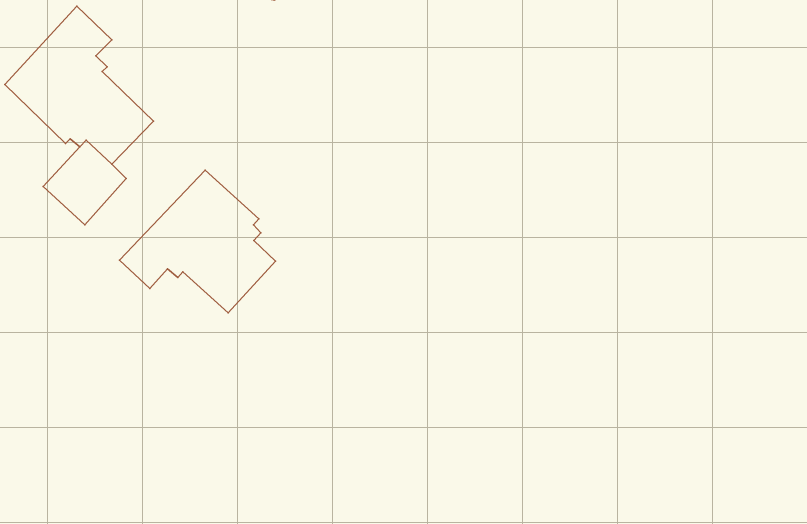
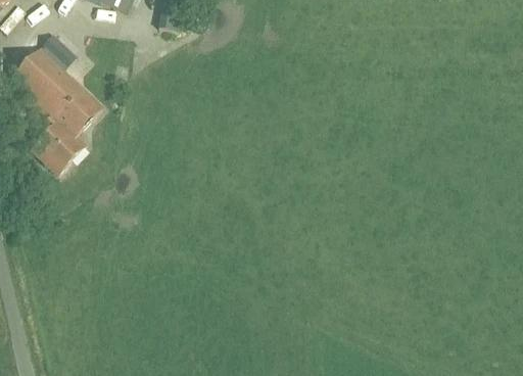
building: [119,170,275,313] -> none

